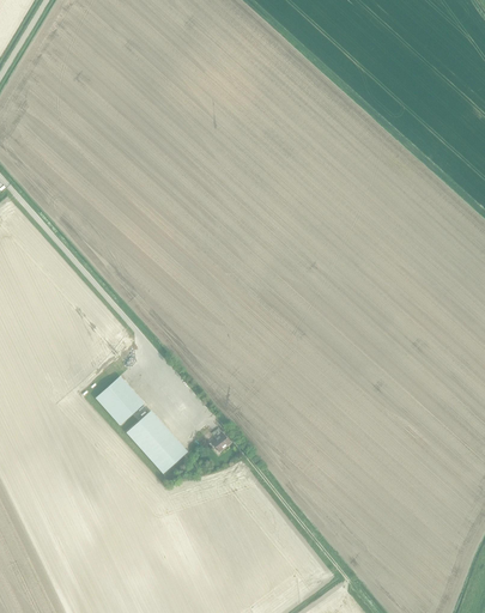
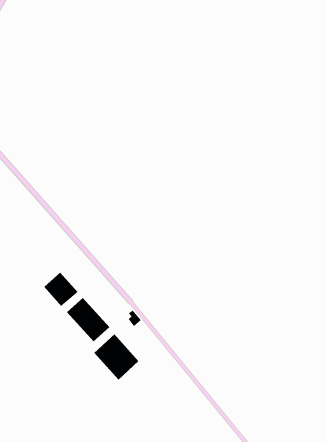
building: none -> [94,334,139,380]

